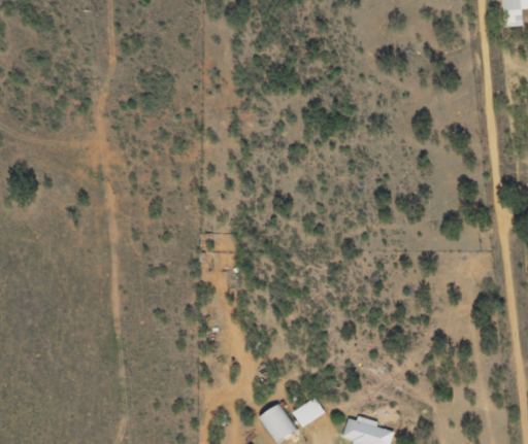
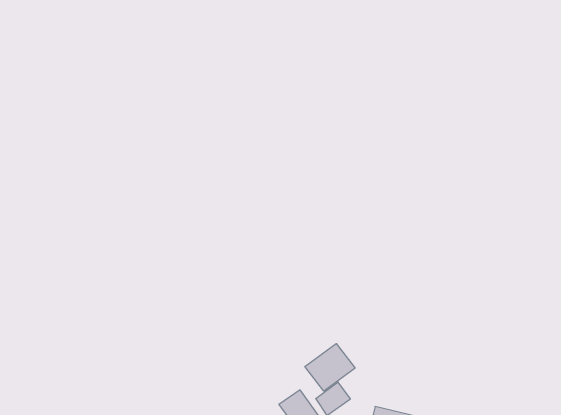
building: none -> [305,344,355,391]

